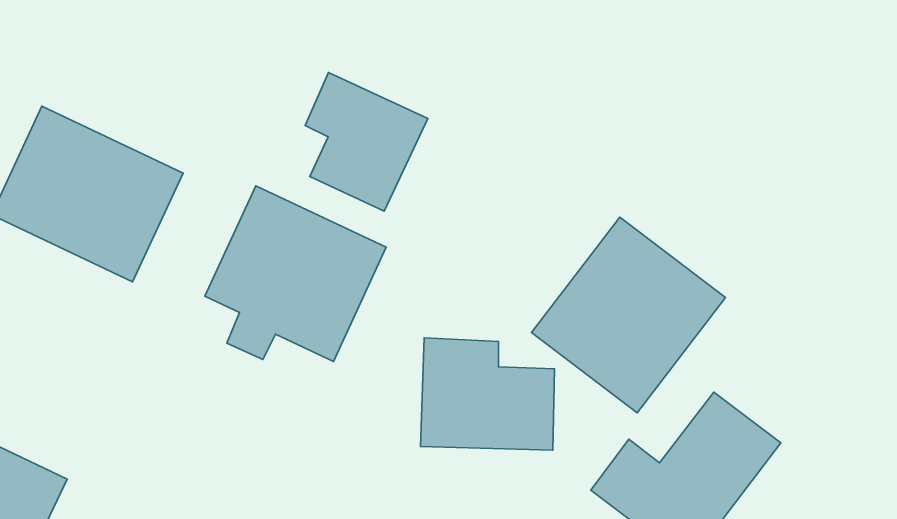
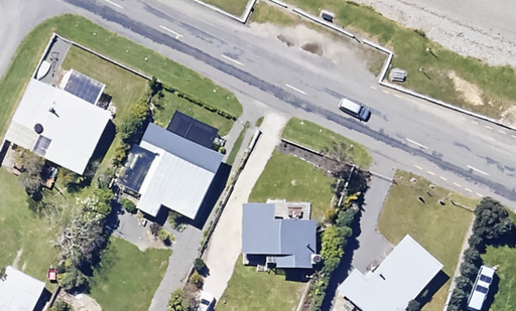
building: [305,73,428,211] -> none
building: [531,217,725,413] -> none

